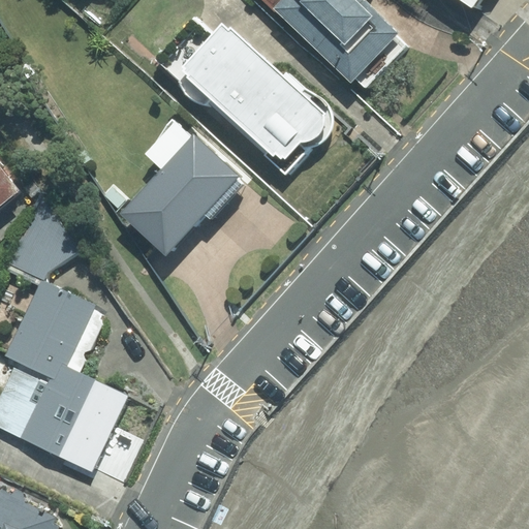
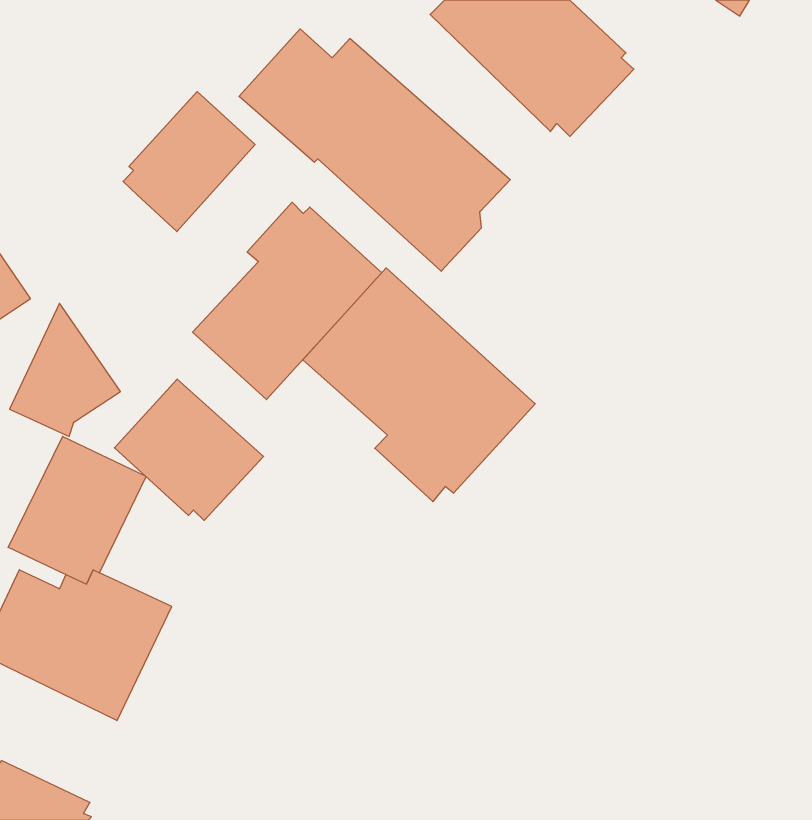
building: none -> [123,92,255,232]
building: none -> [303,268,535,502]
building: none -> [114,379,264,520]

